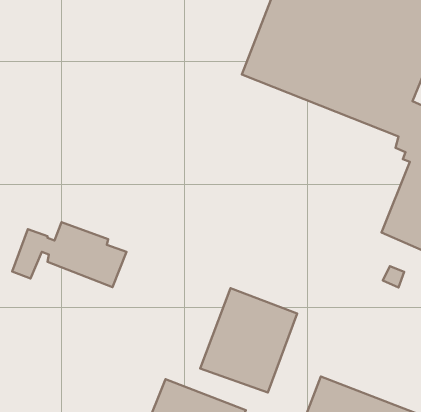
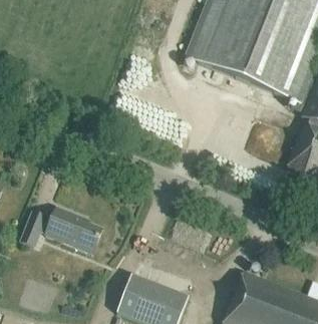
building: [12,222,127,287] -> [19,208,100,254]
building: [200,288,297,393] -> none

